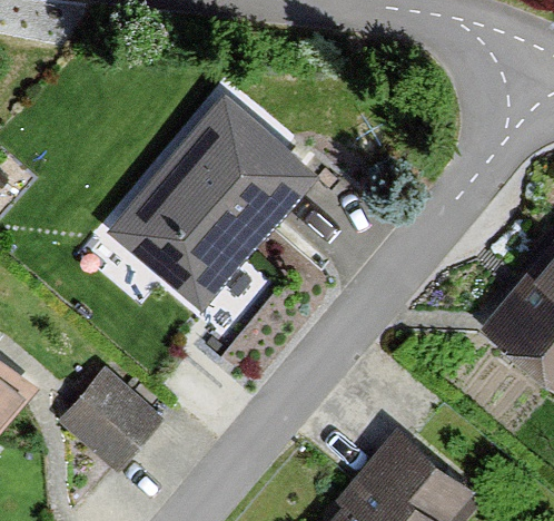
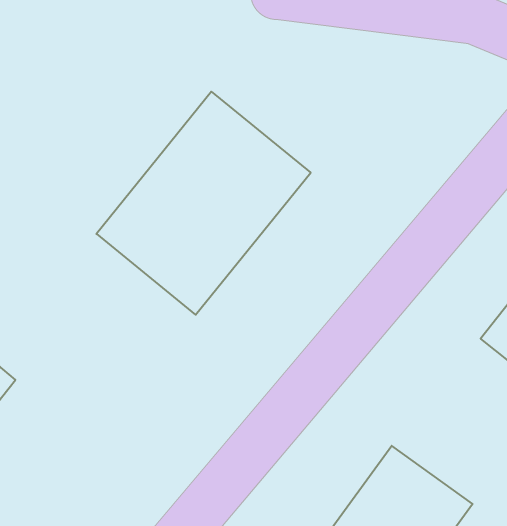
building: [61,367,165,470] -> none

